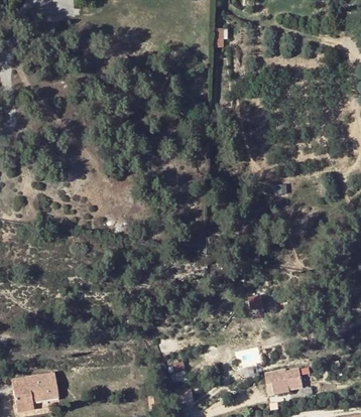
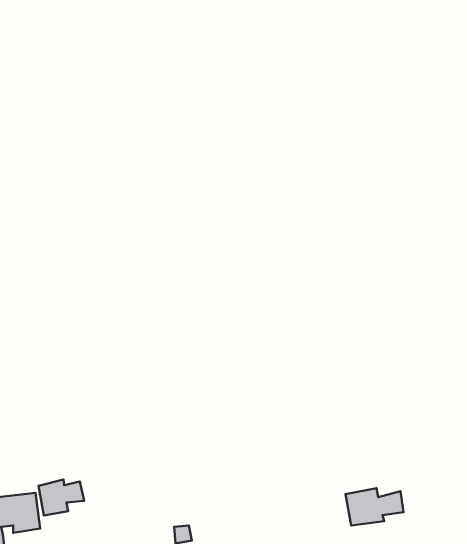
building: none -> [39,480,84,515]

